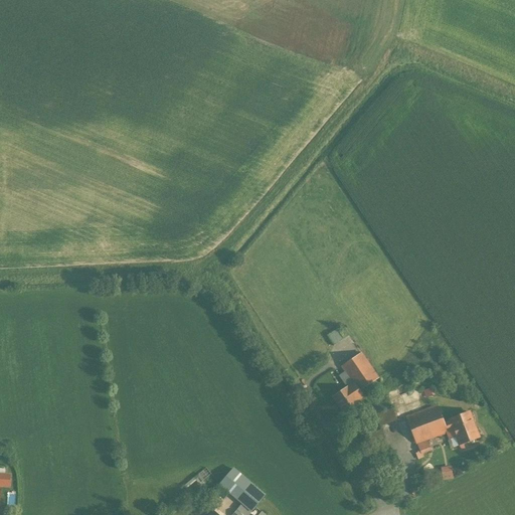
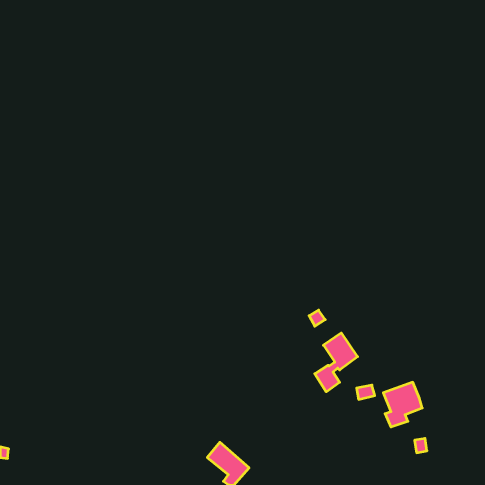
building: [445,412,479,444] -> none

